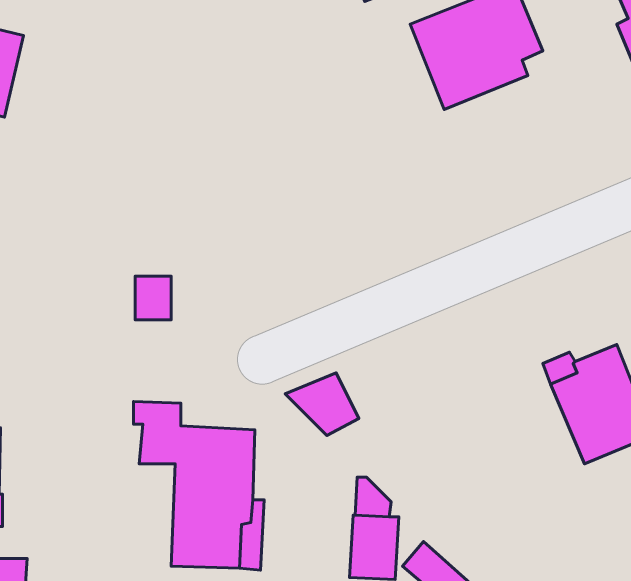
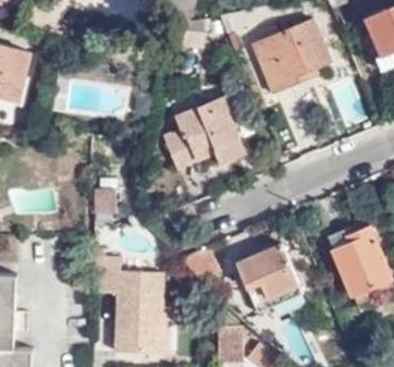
building: none -> [162,95,245,170]
building: none -> [237,243,298,301]

